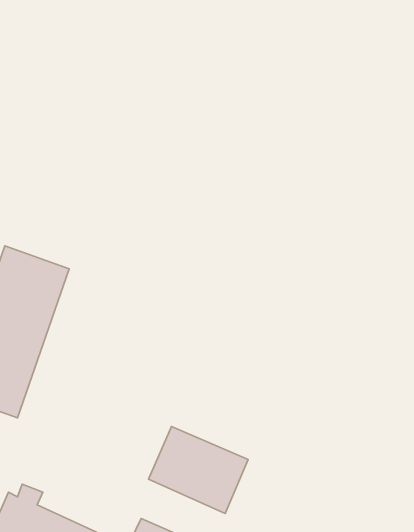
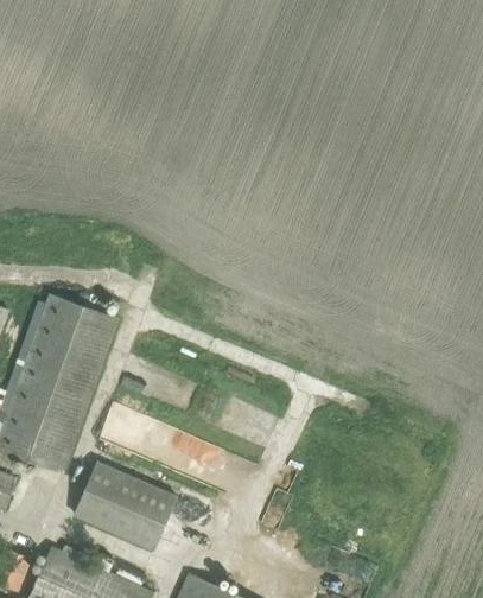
building: [149,426,248,513] -> [72,462,176,552]

